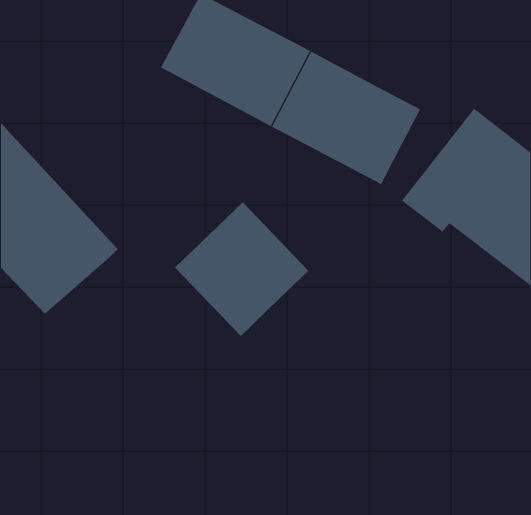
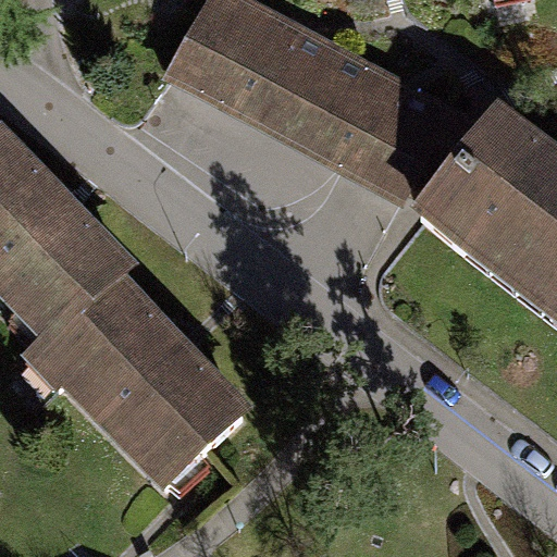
building: [174,201,309,337] -> none
building: none -> [35,270,239,478]

